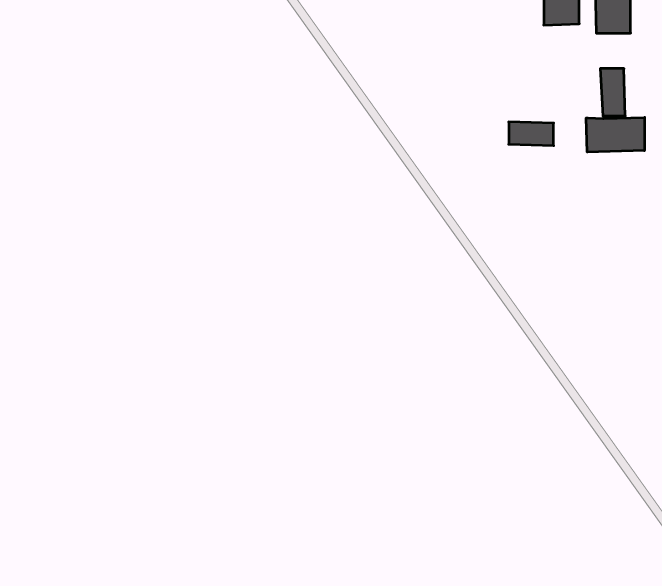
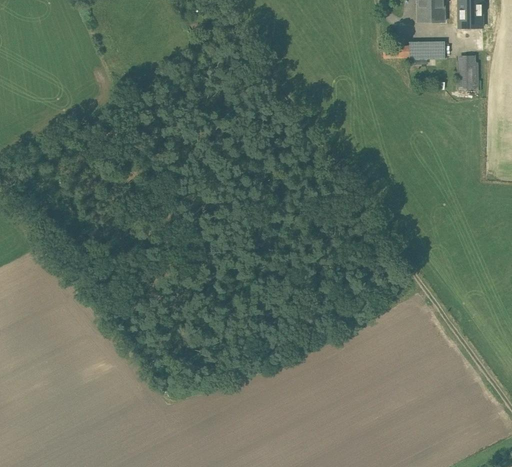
building: [586,117,645,152] -> none
building: [509,122,554,146] -> [411,40,445,58]

